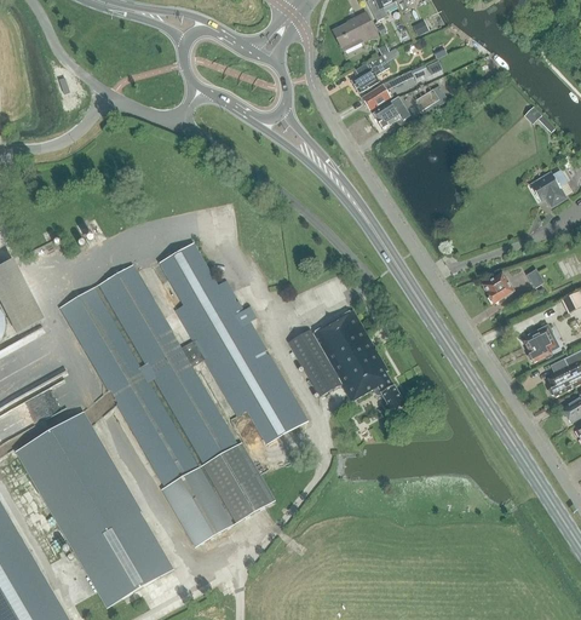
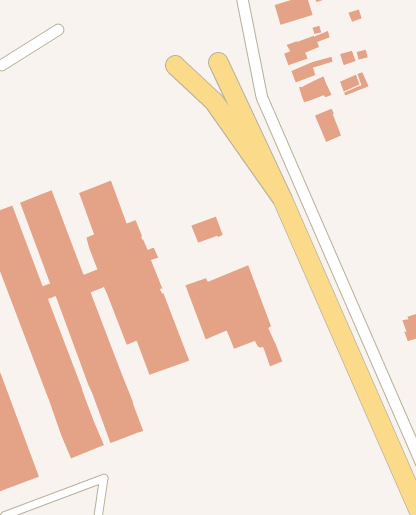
building: none -> [314,108,342,143]
building: none -> [191,216,223,243]
building: [482,271,513,303] -> none

